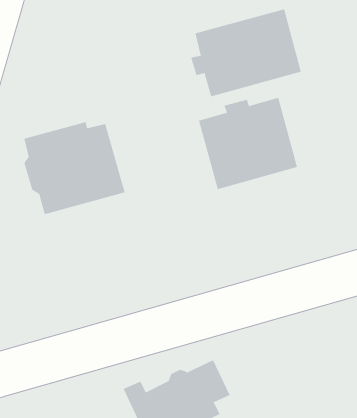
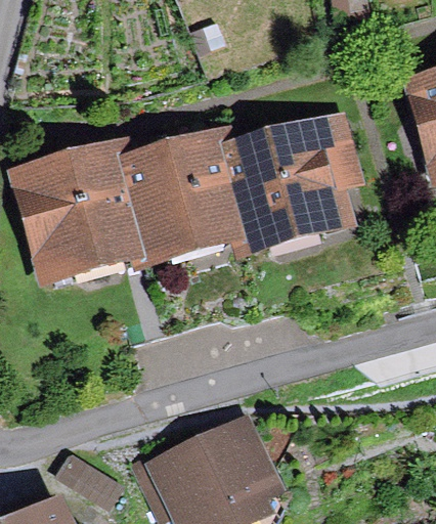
building: [191,8,301,97] -> none
building: none -> [126,140,246,247]

